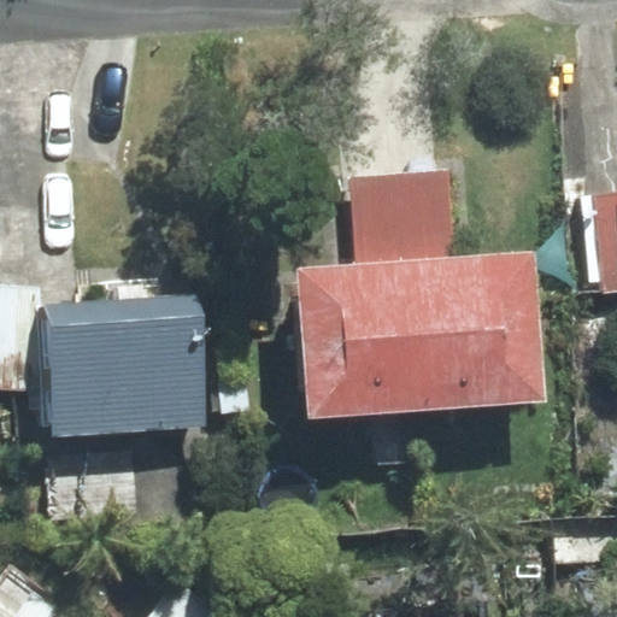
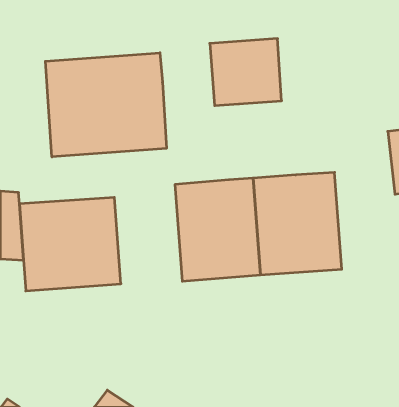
building: none -> [45,53,166,157]
building: [354,169,462,269] -> [210,39,282,106]

